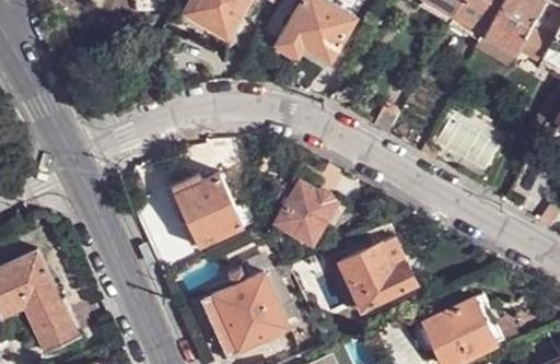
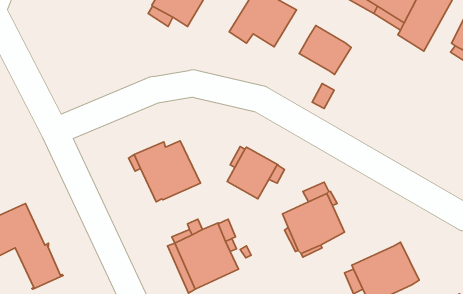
building: none -> [299,26,351,75]

